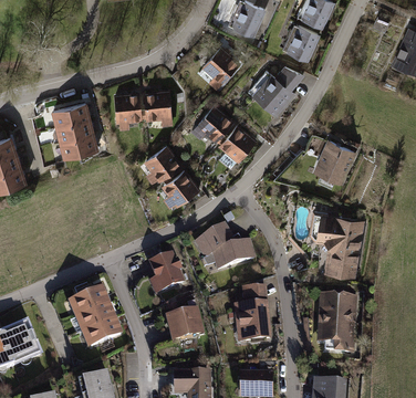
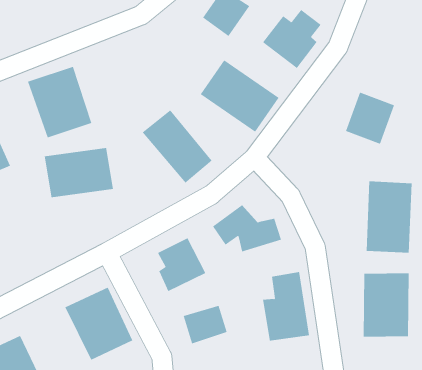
building: [116,87,173,126] -> [44,148,114,198]

